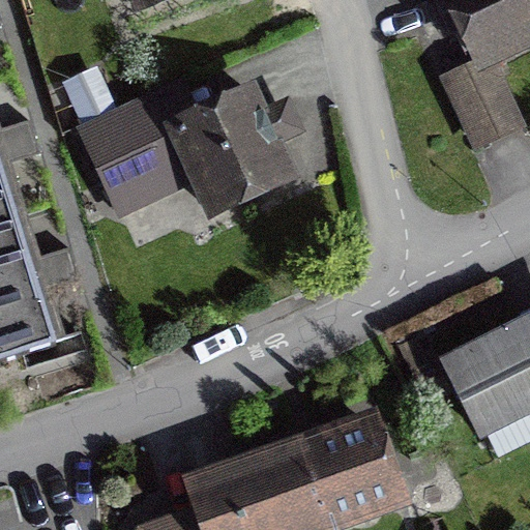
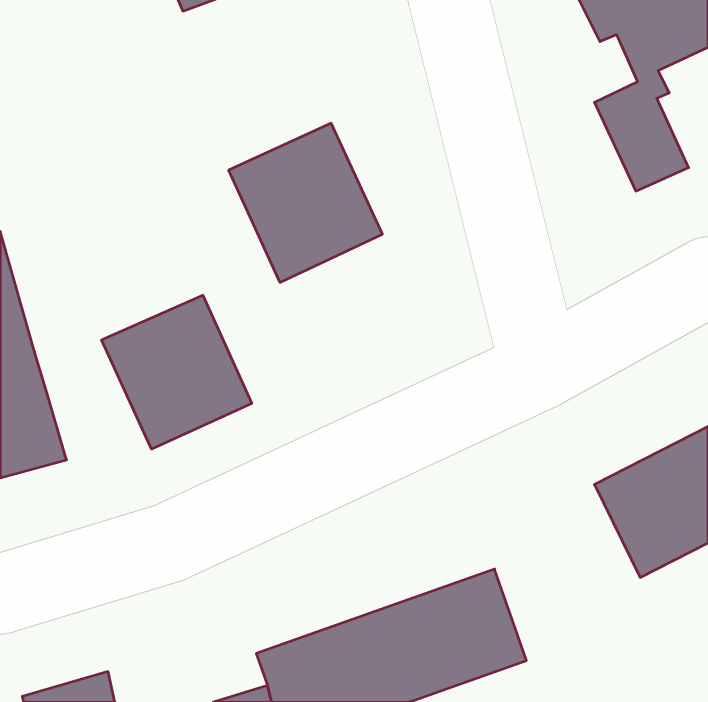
building: [78,98,160,209] -> none
building: none -> [102,295,252,449]

